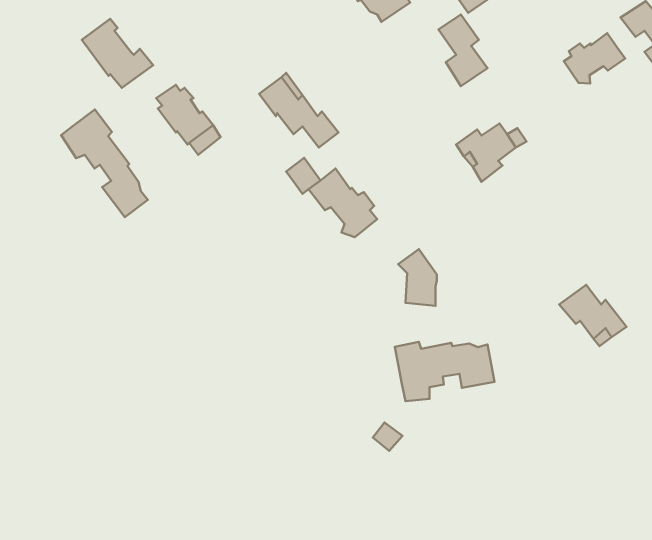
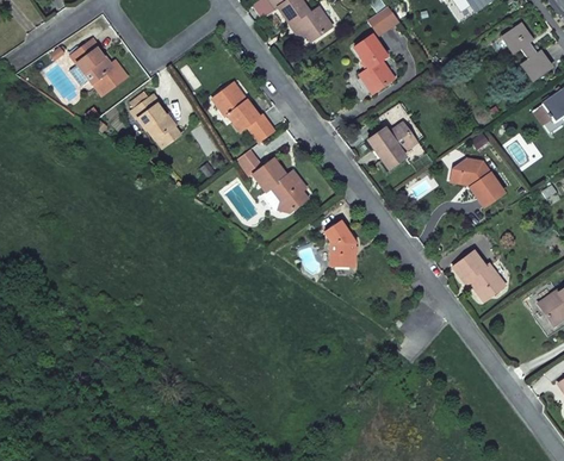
building: [564,33,625,84] -> none
building: [61,110,148,217] -> none
building: none -> [451,162,506,206]
building: [395,342,494,401] -> none

